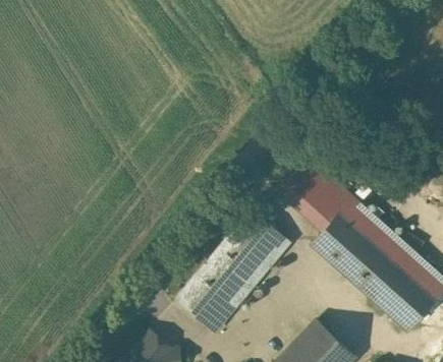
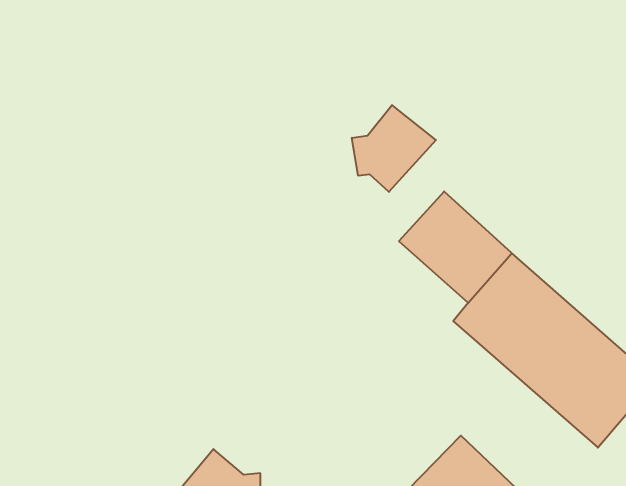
building: none -> [352,105,436,192]
building: [180,214,291,333] -> none

